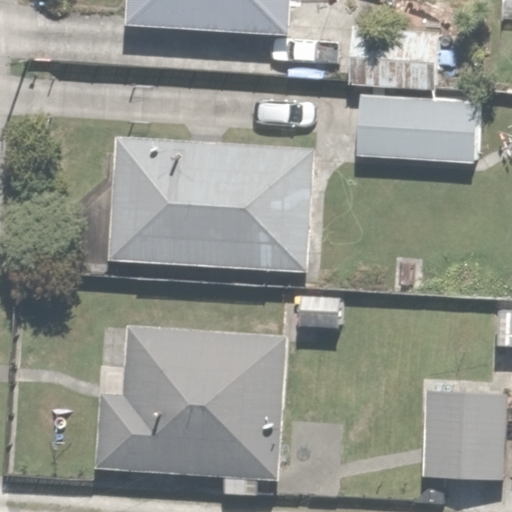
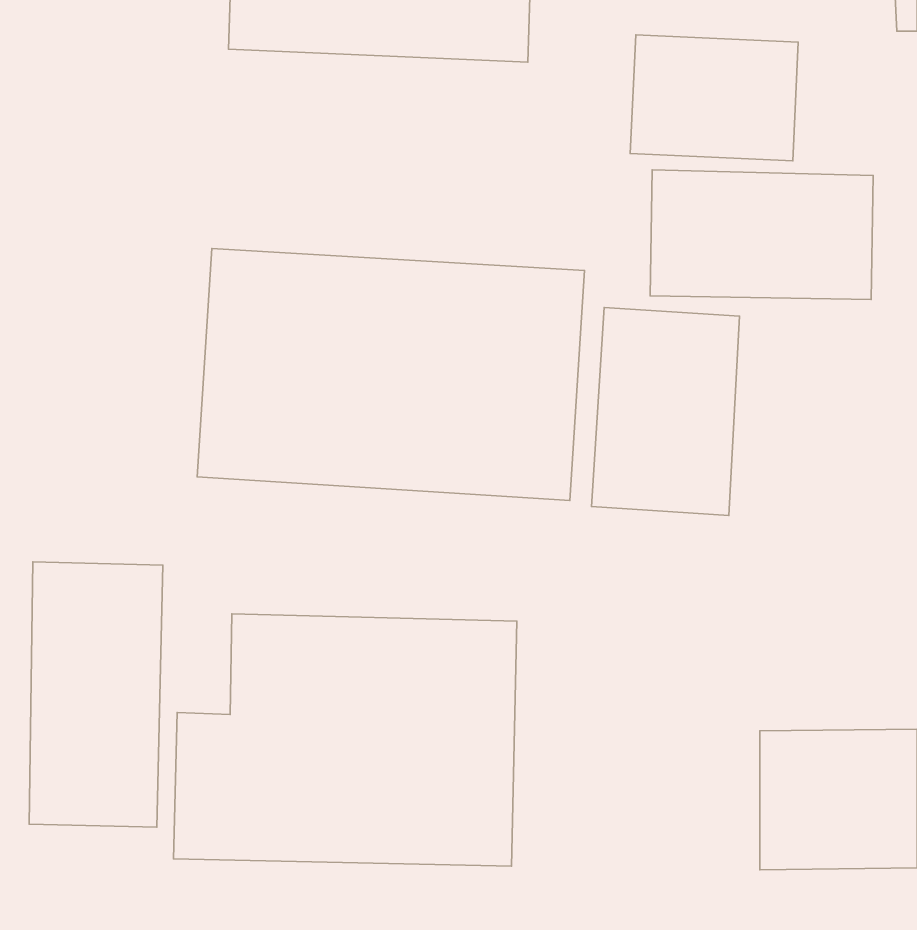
building: none -> [591,307,739,516]
building: none -> [29,562,163,827]

